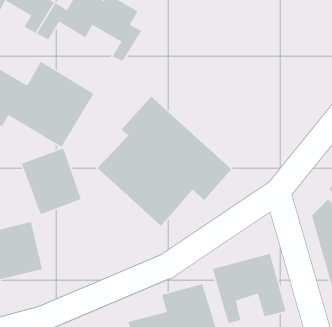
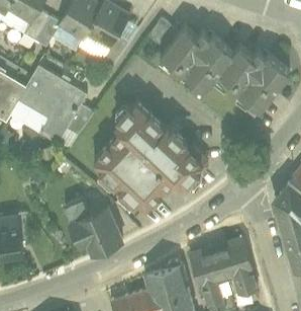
building: none -> [155,20,288,109]
building: [21,148,82,215] -> [66,195,120,255]

